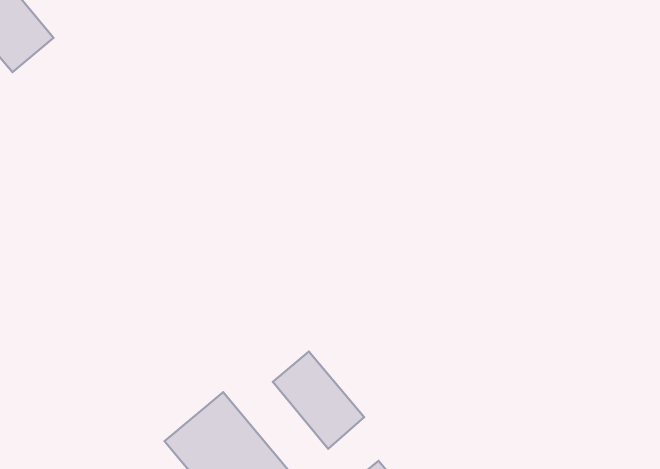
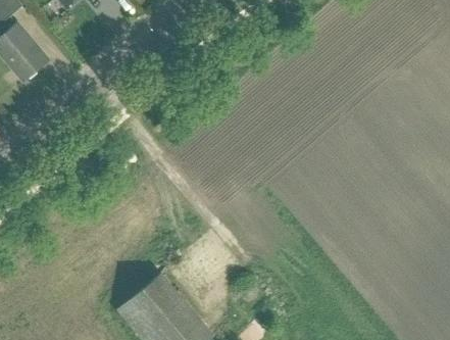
building: [273,352,364,449] -> none

